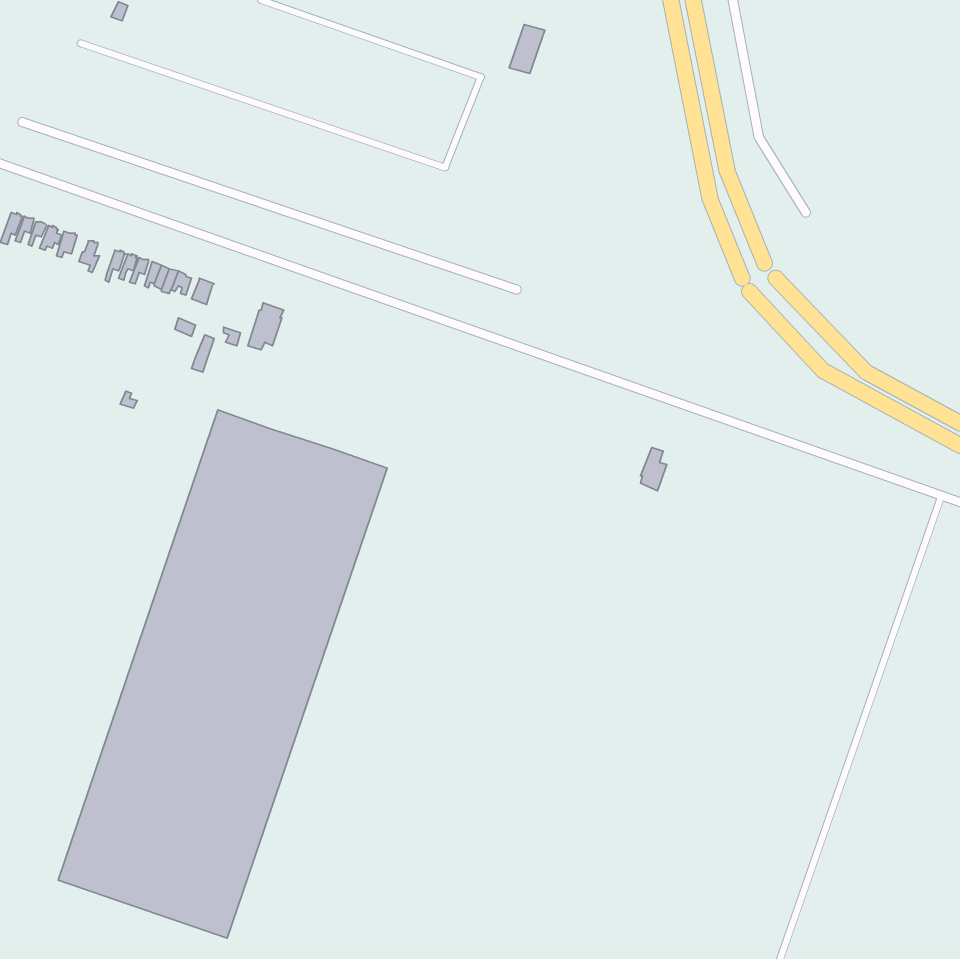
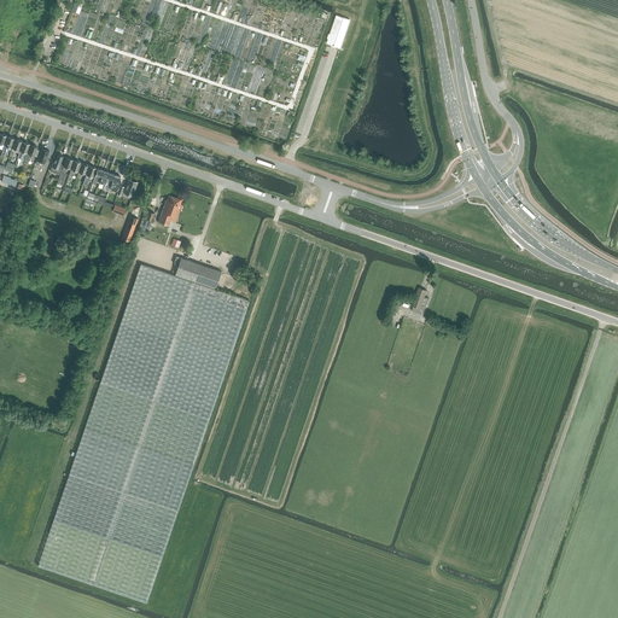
building: none -> [174,258,221,290]

